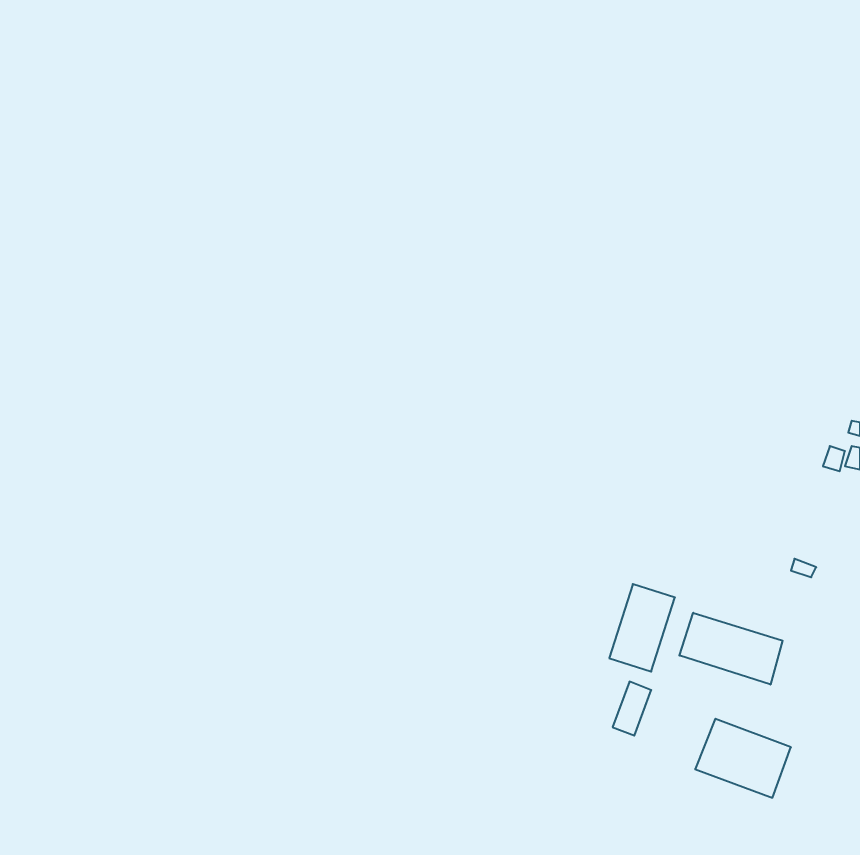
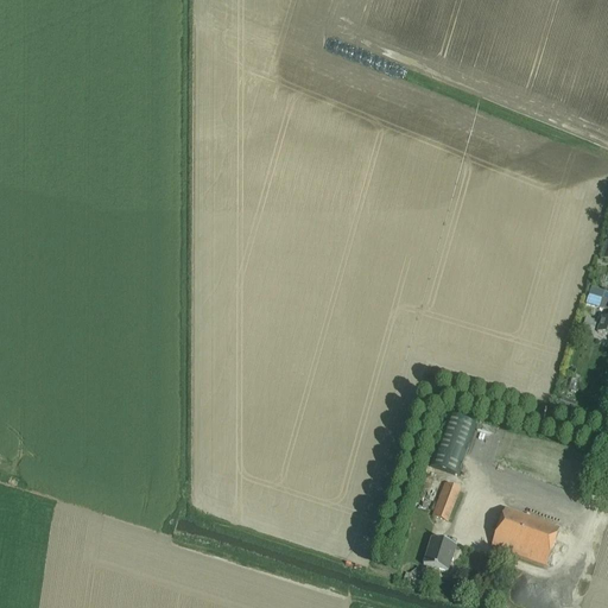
building: [679,613,783,685] -> none
building: none -> [423,536,456,570]

